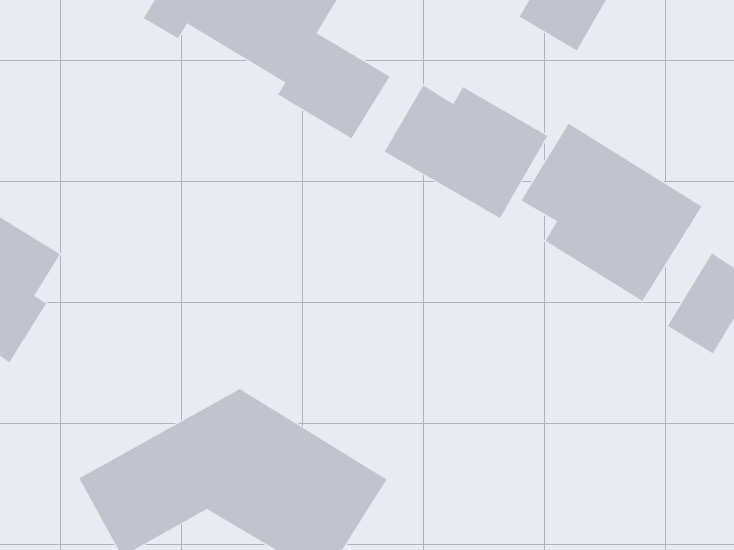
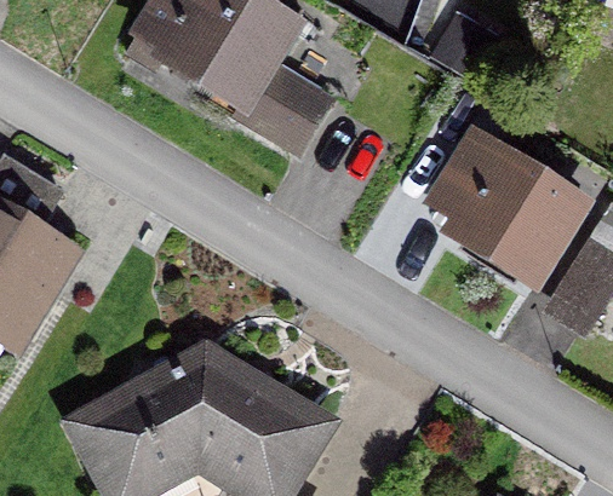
building: [384,85,548,219] -> none

